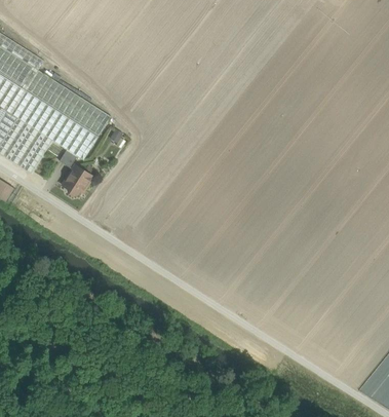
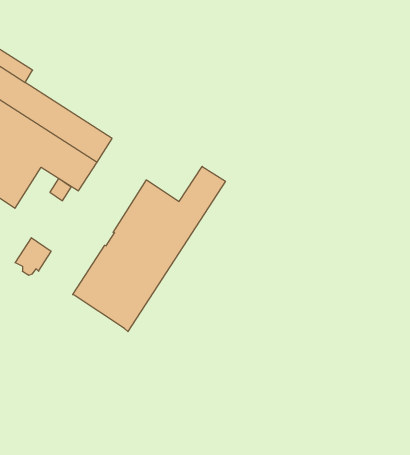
building: none -> [73,166,225,332]
building: [62,163,91,194] -> [15,238,51,275]

